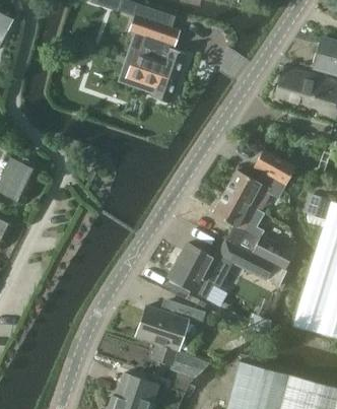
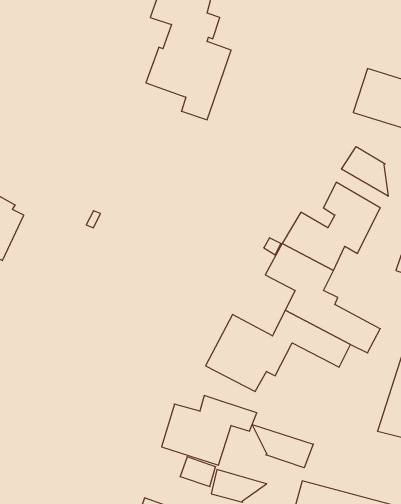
building: none -> [342,147,388,196]
building: none -> [252,424,313,468]

